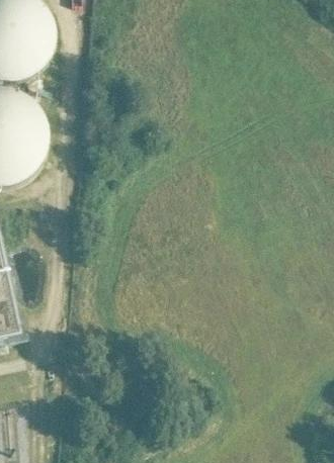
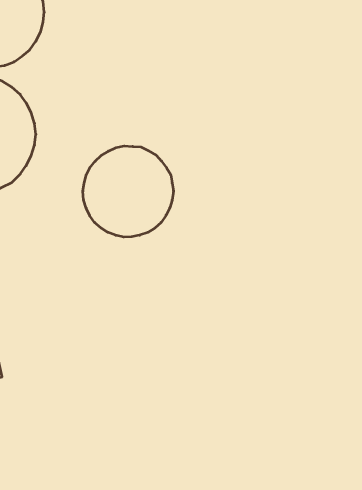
building: none -> [83,146,173,237]

